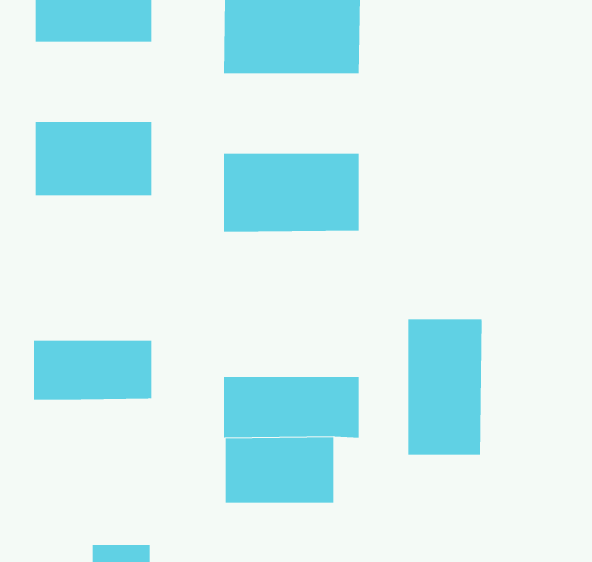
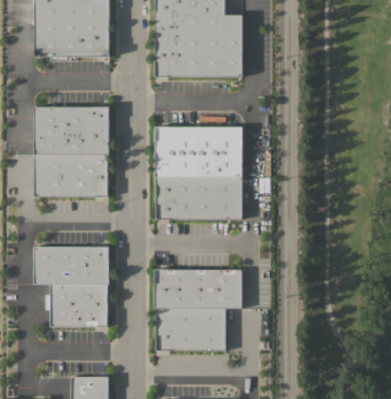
building: none -> [34,155,107,197]
building: none -> [156,177,241,219]
building: [408,318,482,456] -> none
building: none -> [50,284,107,327]

